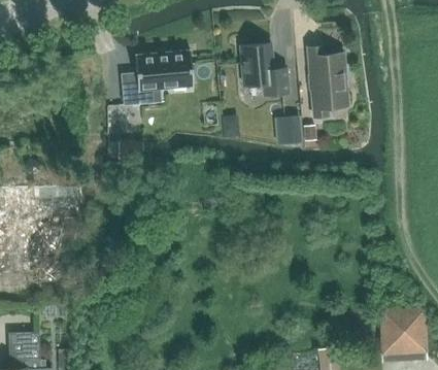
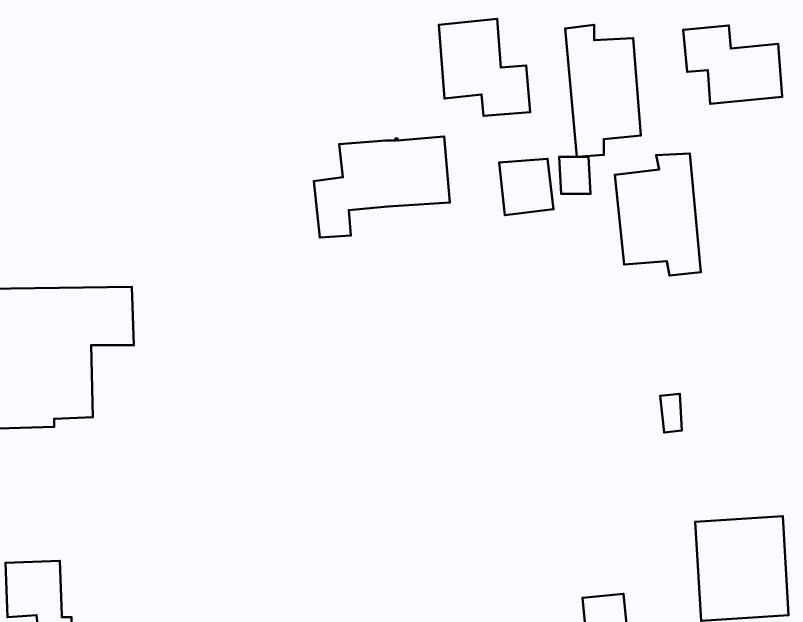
building: none -> [683,26,782,104]
building: [121,51,193,104] -> [314,136,450,237]
building: none -> [615,153,701,275]

